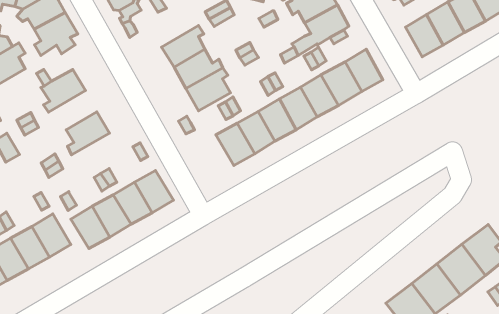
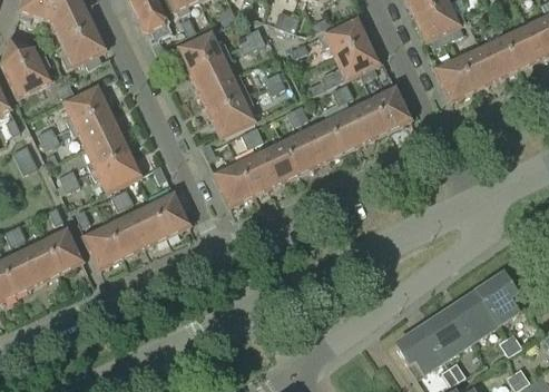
building: none -> [177,31,227,70]
building: none -> [69,108,118,146]
building: none -> [89,153,140,190]
building: none -> [214,163,252,206]

